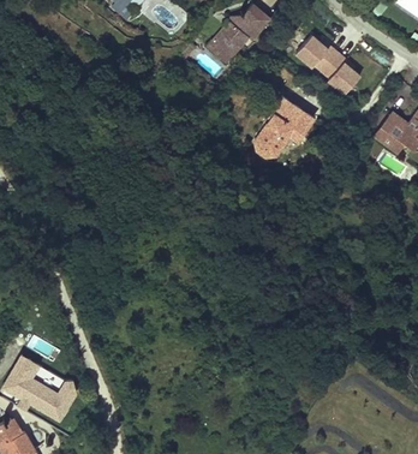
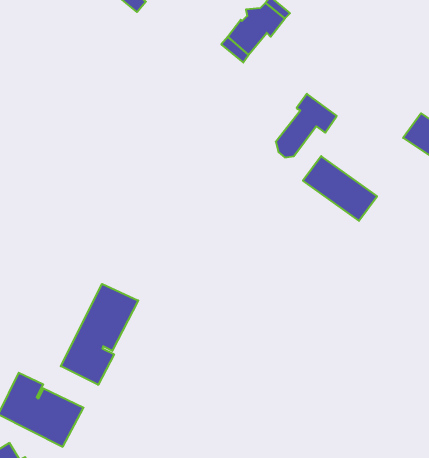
building: [295,35,364,95] -> [303,156,377,221]
building: none -> [61,284,138,385]

